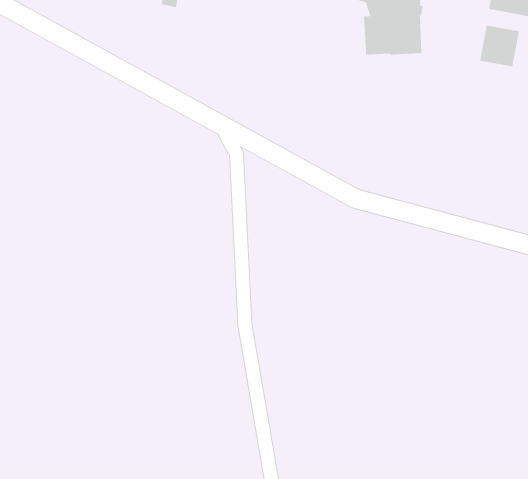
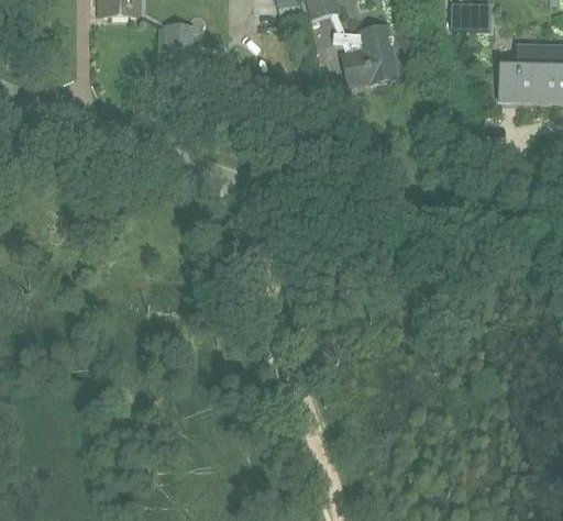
building: [480,25,520,67] -> none

